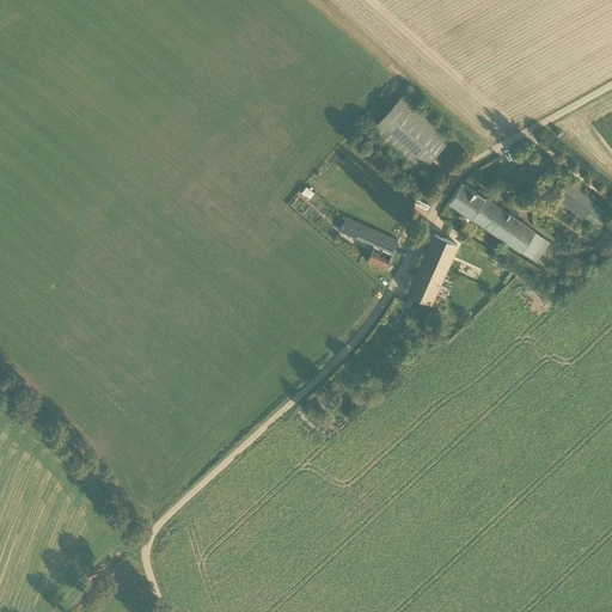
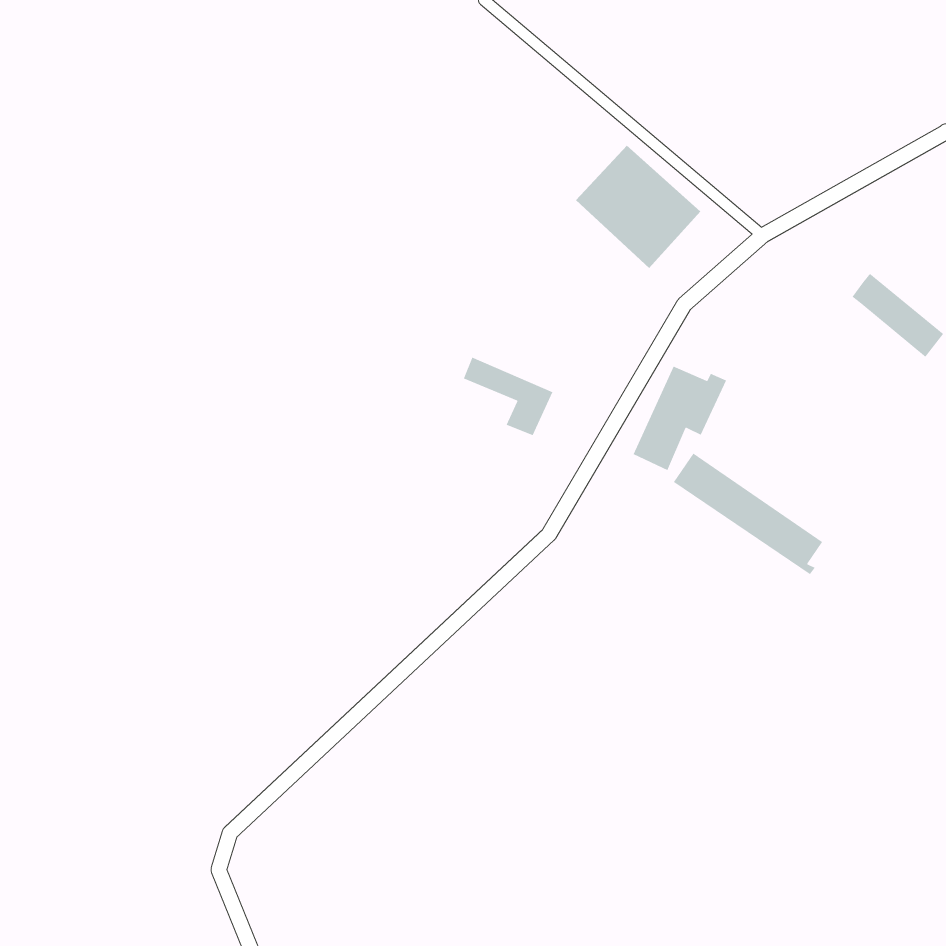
building: [447,183,544,262] -> [673,453,823,575]
building: [338,219,397,270] -> [463,357,554,436]

